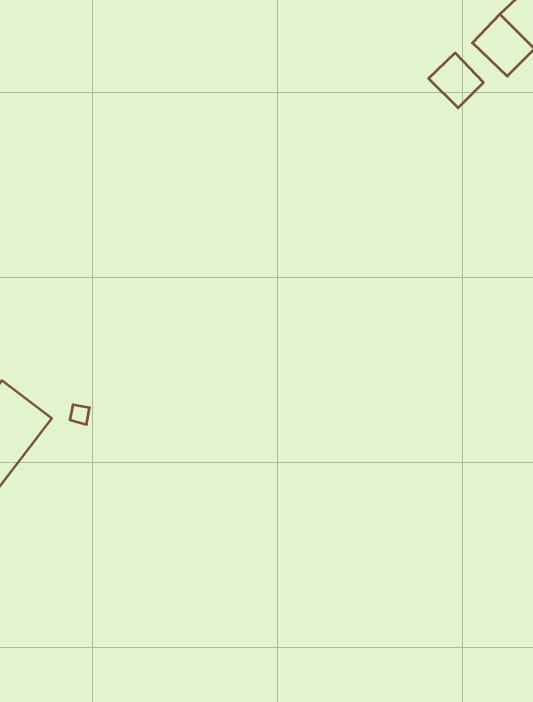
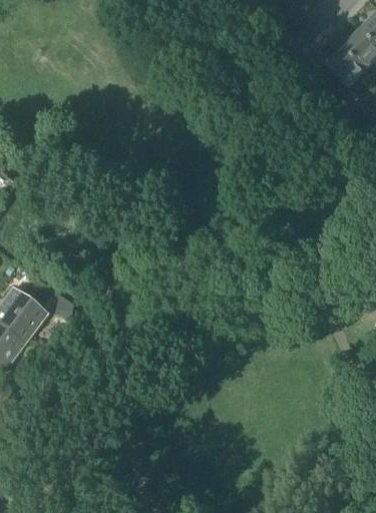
building: [429,53,483,108] -> none

